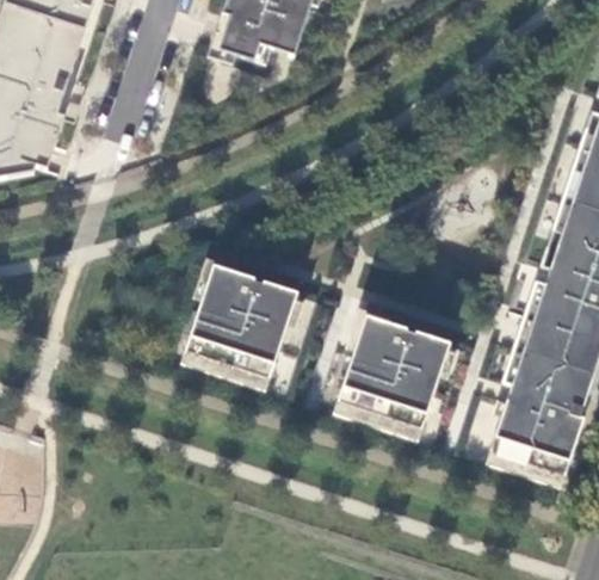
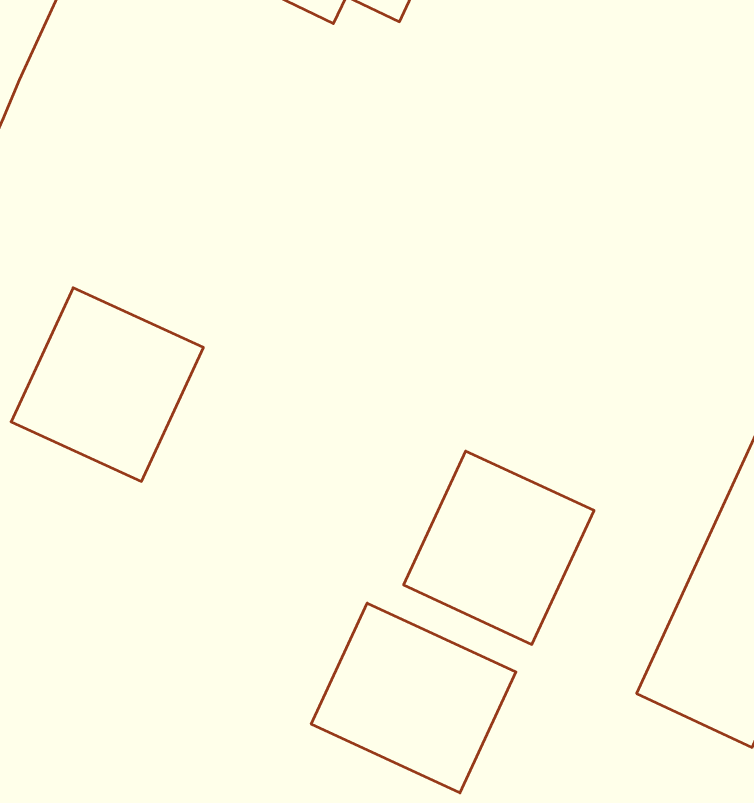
building: [184,265,297,380] -> [11,288,203,481]
building: none -> [311,603,516,793]

